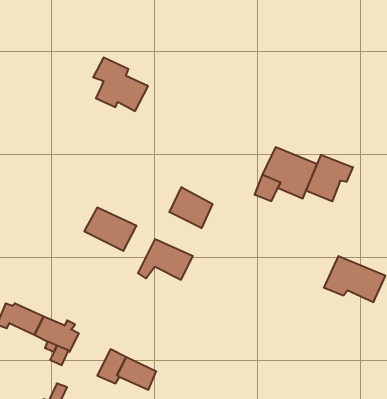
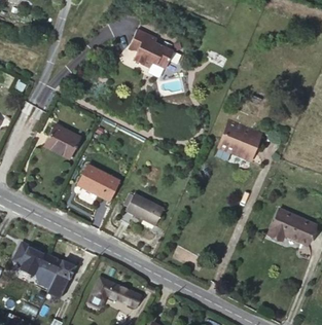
building: [93,57,148,111] -> [130,28,173,70]
building: [306,155,353,201] -> none
building: none -> [46,128,82,159]
building: [169,187,212,228] -> none

